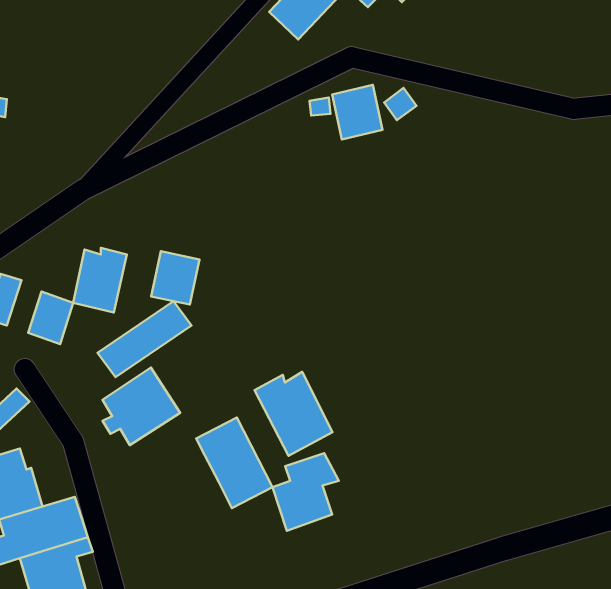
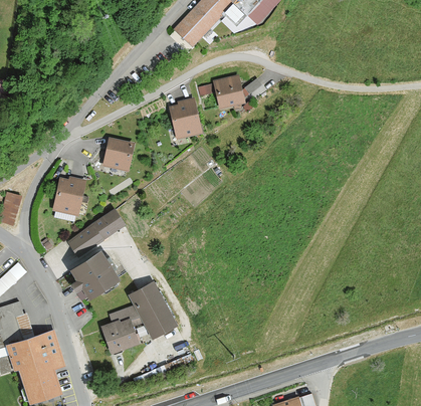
building: none -> [169,98,201,138]
building: [151,251,200,305] -> [102,138,133,171]
building: [28,292,73,344] -> none
building: [255,372,333,456] -> none
building: [272,453,339,531] -> [101,304,143,353]

